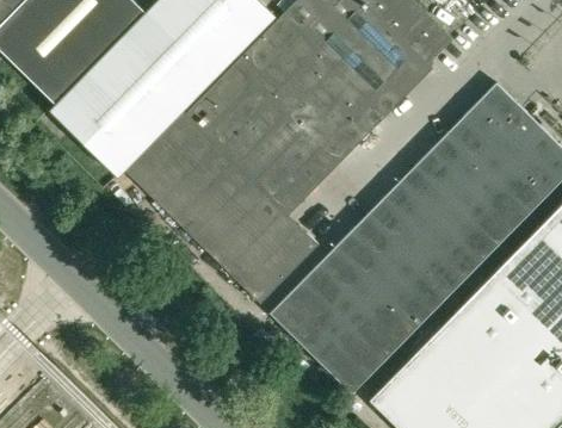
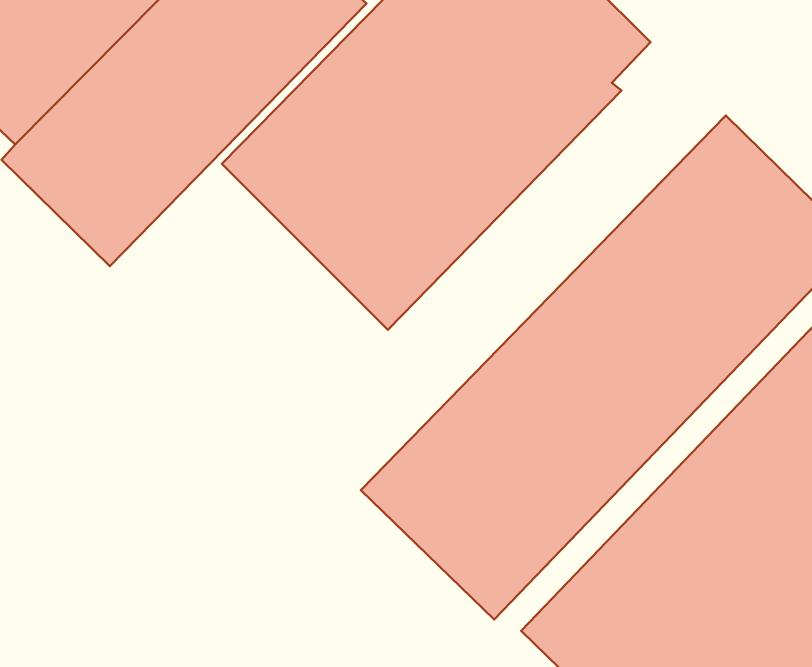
building: [124,110,317,303] -> none

